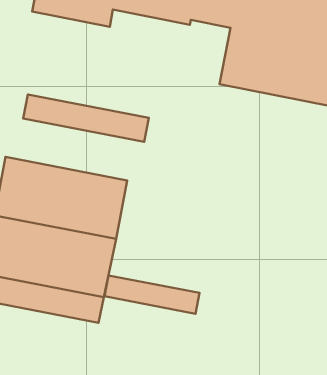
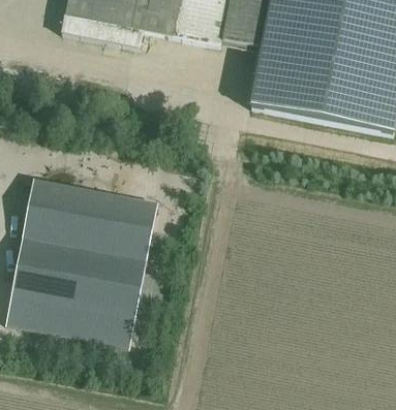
building: [23,94,149,142] -> none
building: [104,275,199,314] -> none

